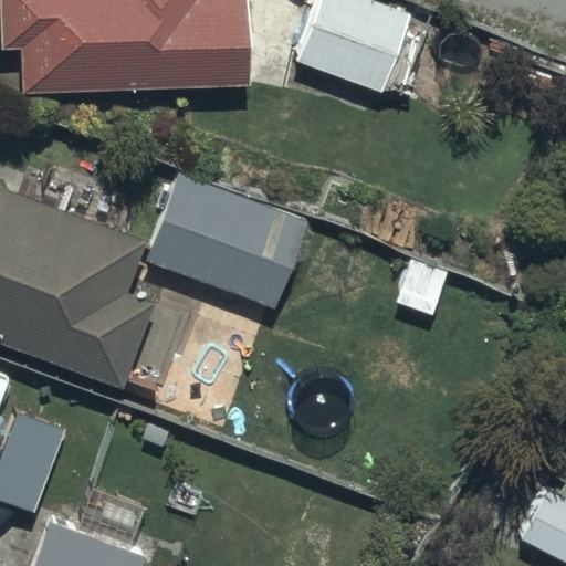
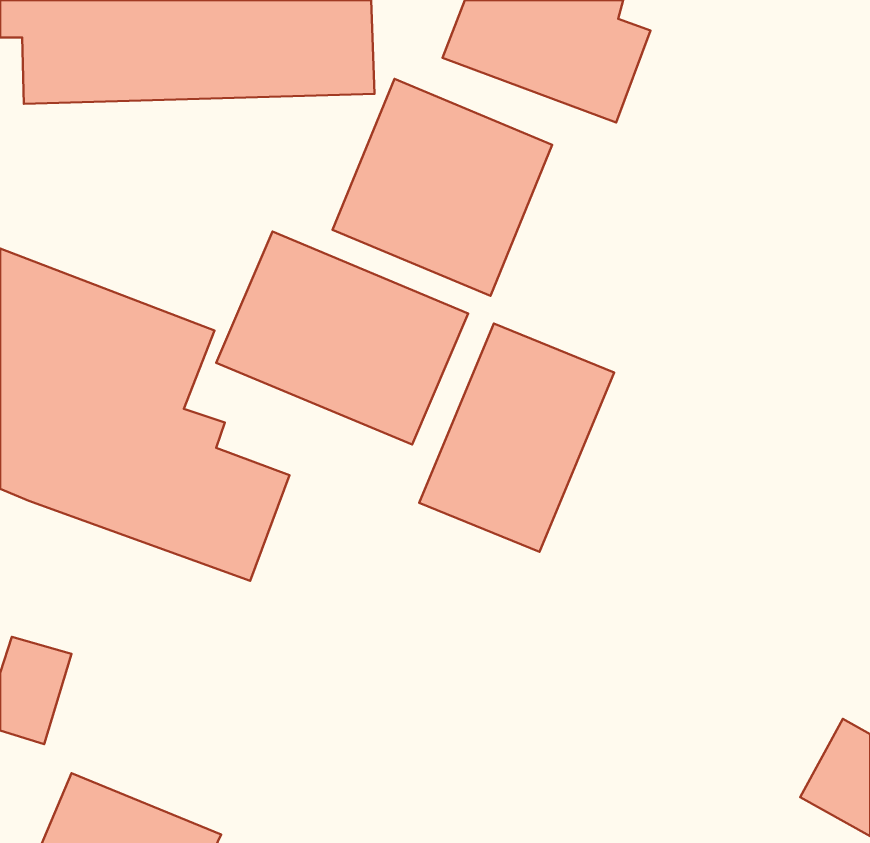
building: none -> [333,79,552,296]
building: none -> [419,324,614,552]

